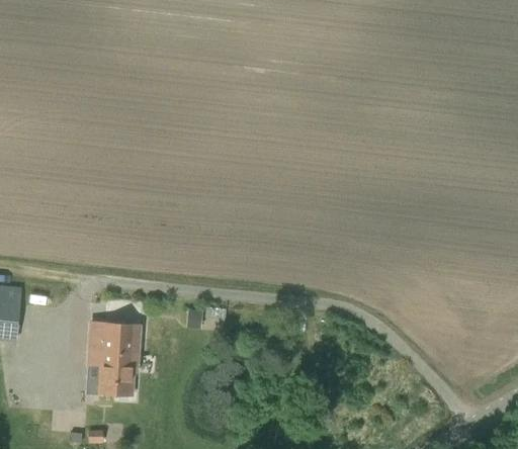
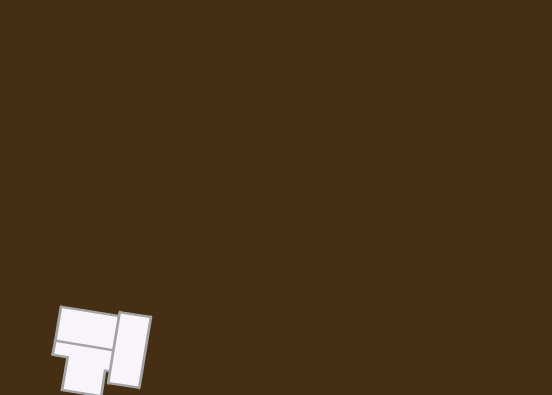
building: none -> [108,312,151,388]

